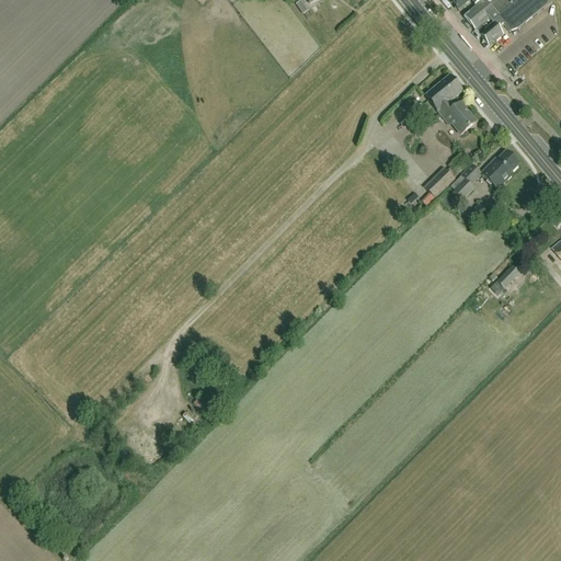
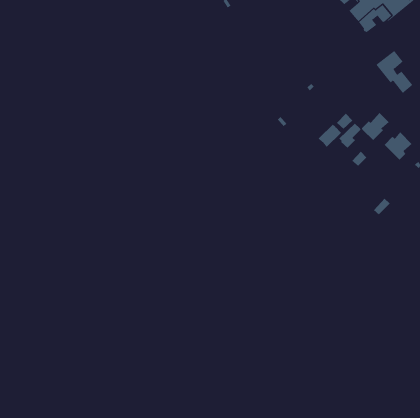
building: [425,73,476,131] -> [375,50,413,94]
building: none -> [384,132,413,161]

